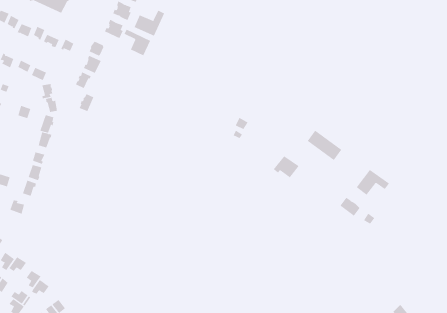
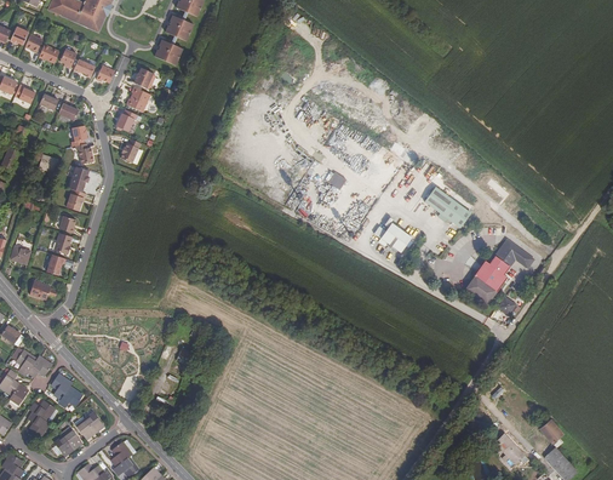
building: [134,10,165,36] -> none
building: [124,29,151,56] -> none

